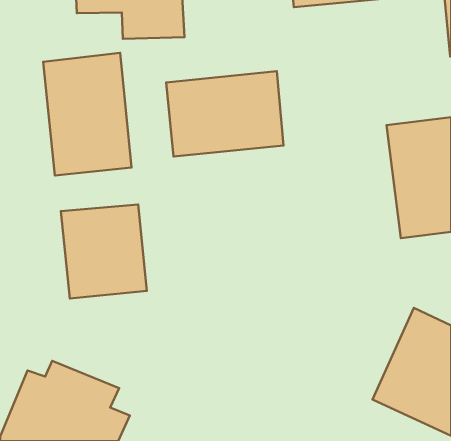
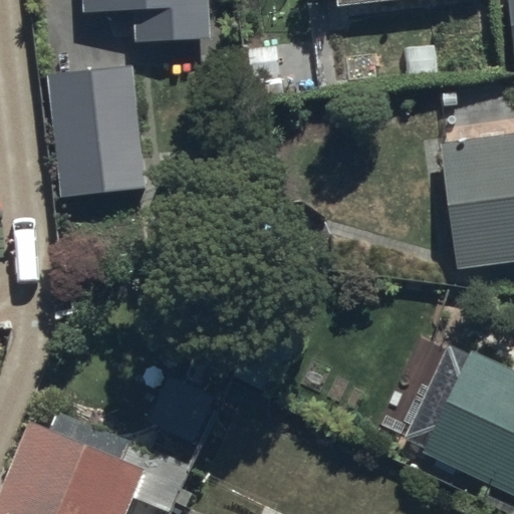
building: [166,71,283,156] -> none
building: [61,204,147,298] -> none

